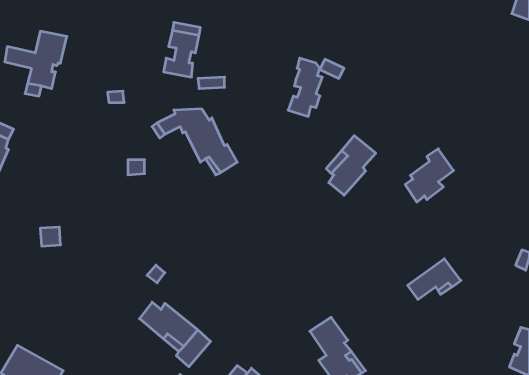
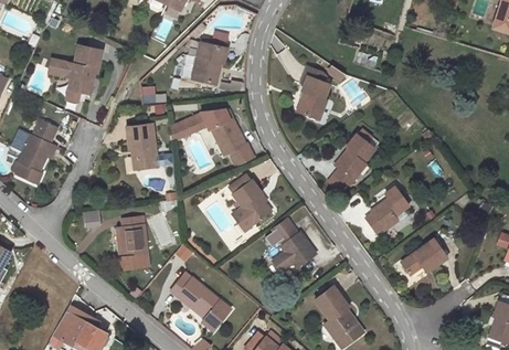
building: none -> [123,123,153,167]
building: [405,149,454,202] -> [365,185,407,232]
building: none -> [231,176,272,230]
building: none -> [118,214,149,268]
building: none -> [277,226,315,268]

